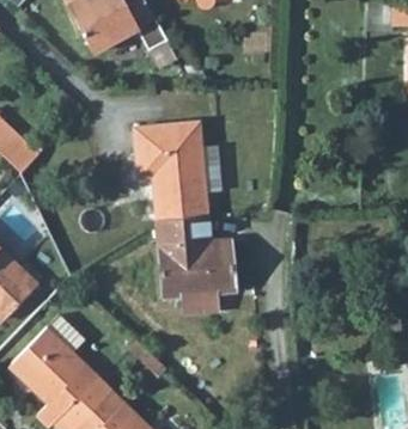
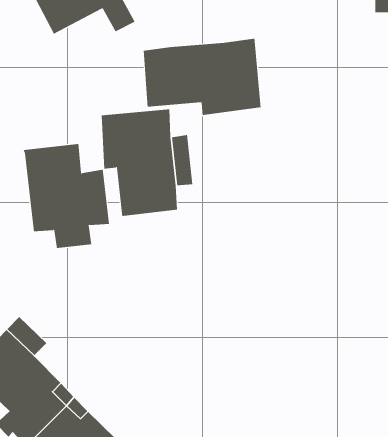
building: none -> [143,38,261,116]
building: [156,215,237,313] -> [23,143,110,248]

